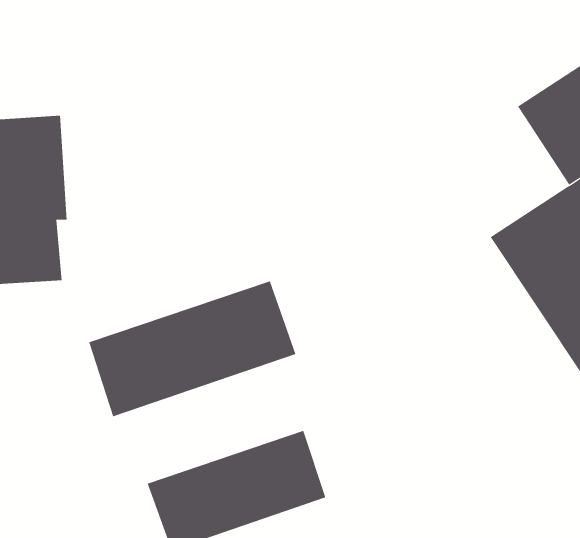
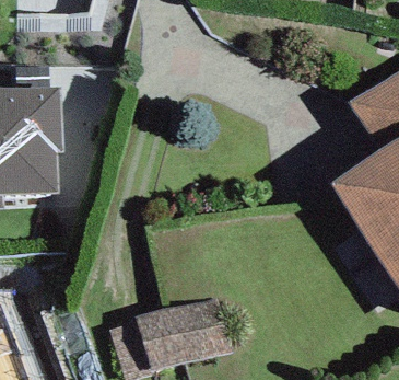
building: [89,281,296,417] -> none

